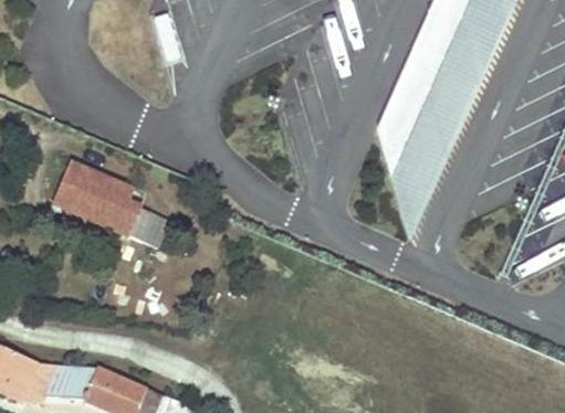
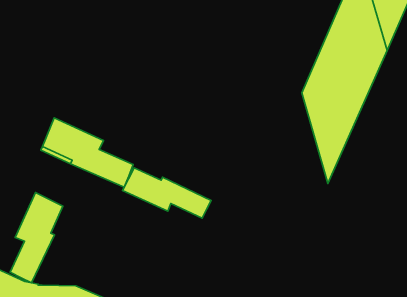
building: none -> [122,168,211,218]
building: none -> [10,193,63,283]

